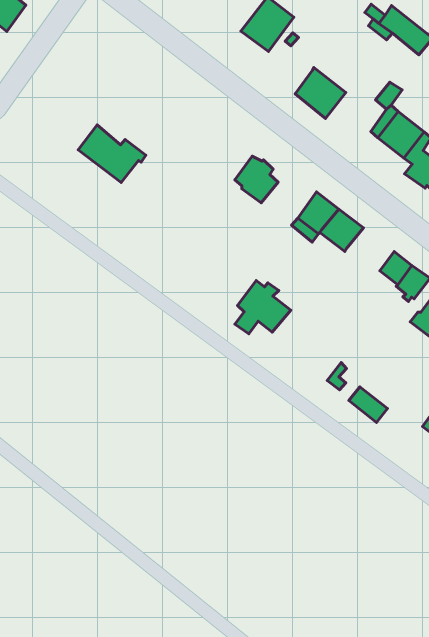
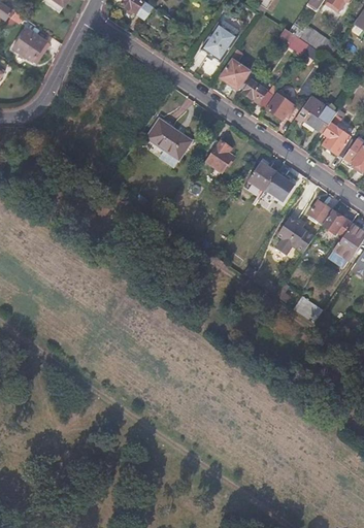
building: none -> [220,60,253,92]
building: none -> [267,91,294,120]
building: [78,125,146,183] -> [147,119,196,159]
building: [235,281,291,334] -> [275,217,315,255]

